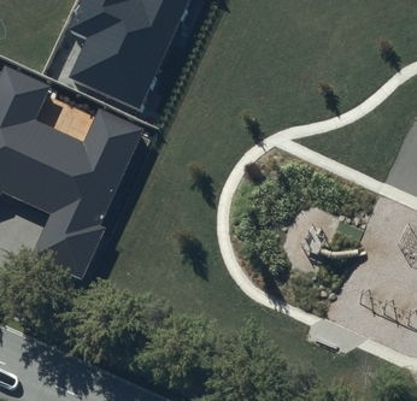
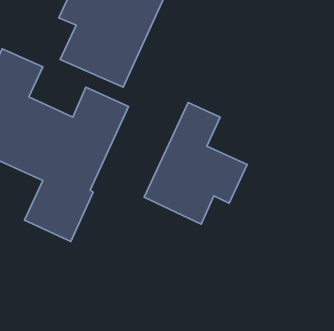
building: none -> [144,102,247,224]

